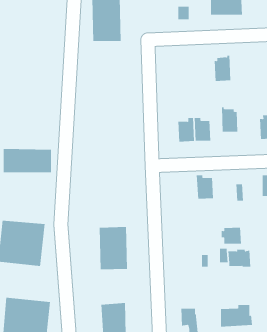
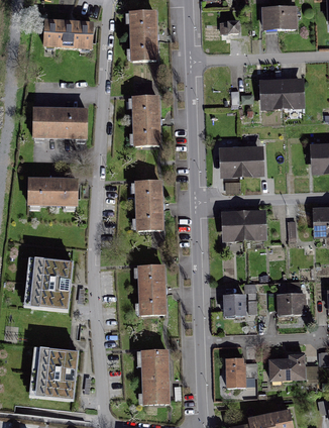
building: none -> [41,21,96,51]
building: none -> [129,95,162,143]
building: none -> [32,110,91,138]
building: [221,107,238,132] -> [281,76,300,104]
building: none -> [132,182,166,230]
building: none -> [224,209,244,236]
building: [221,227,242,244] -> [221,294,244,313]

